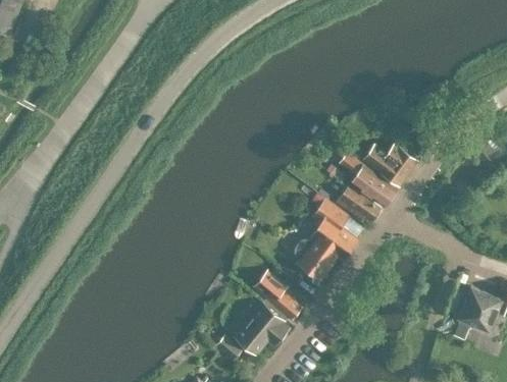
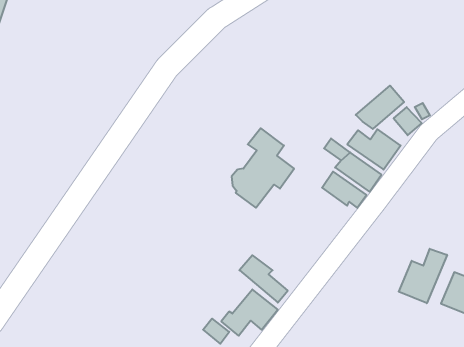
building: none -> [356,86,404,129]
building: [296,201,359,281] -> [232,128,294,208]
building: none -> [399,249,447,303]

